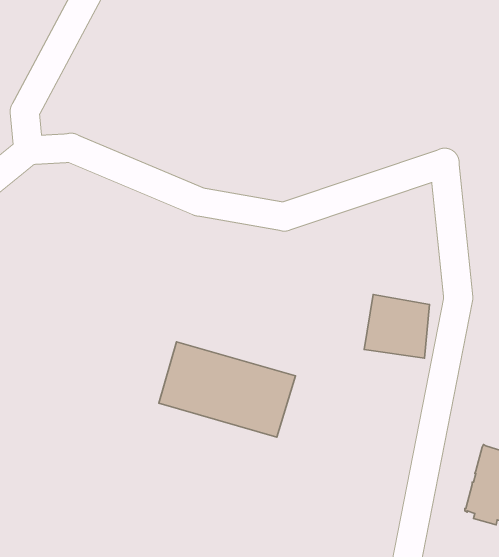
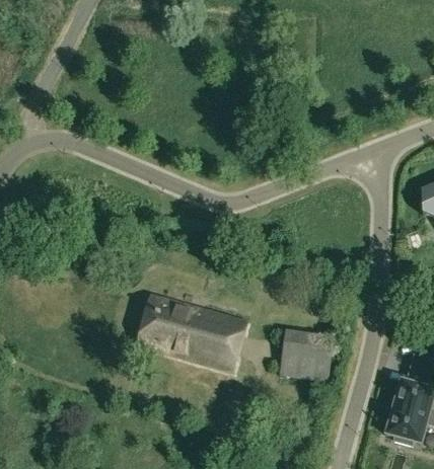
building: [364,294,429,358] -> [280,330,333,382]

